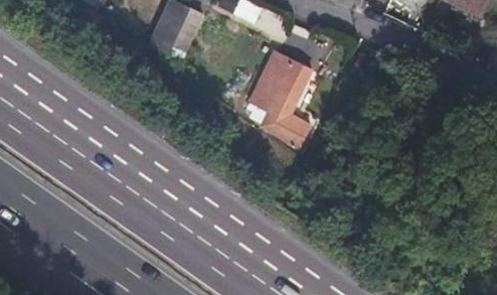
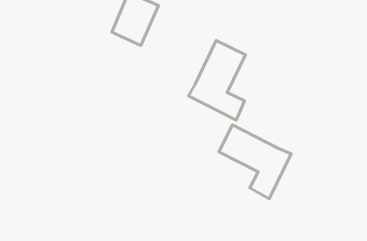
building: none -> [219,125,291,199]

